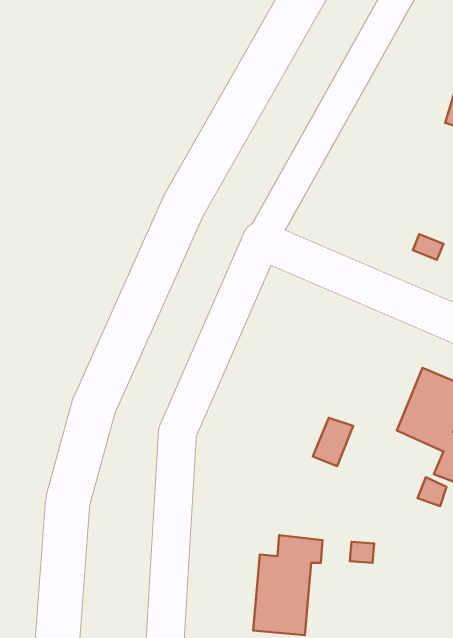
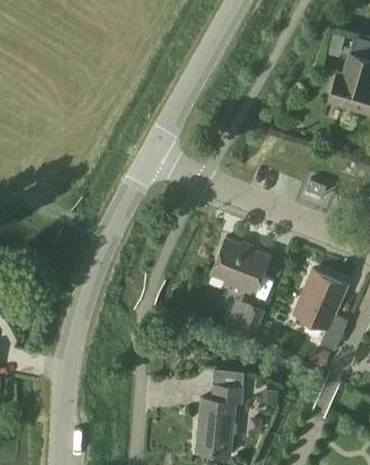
building: none -> [212,238,270,292]

